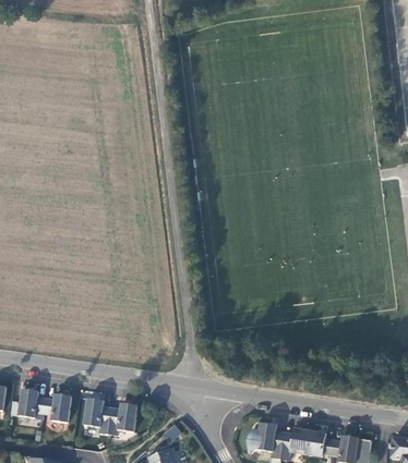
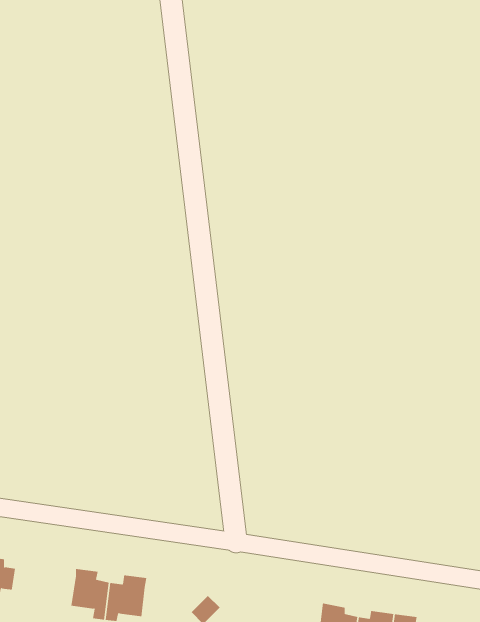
building: [43,395,70,424] -> none

